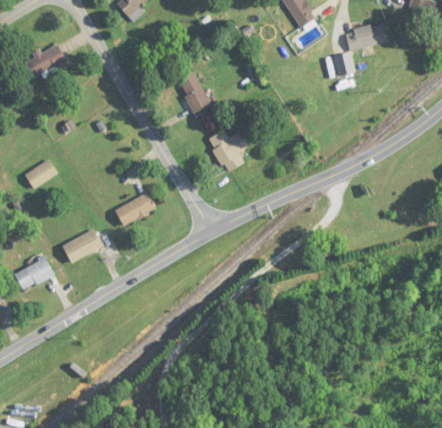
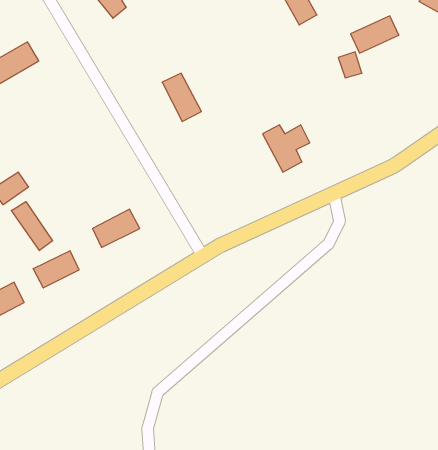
building: [208,130,250,172] -> [263,125,310,172]
building: none -> [11,202,53,251]

